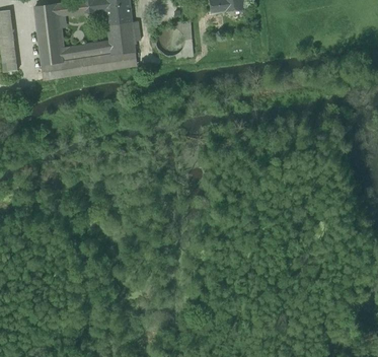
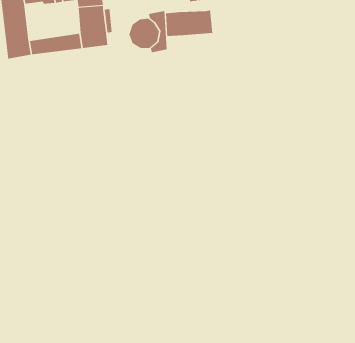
building: none -> [166,10,213,37]
building: [42,51,137,78] -> none

